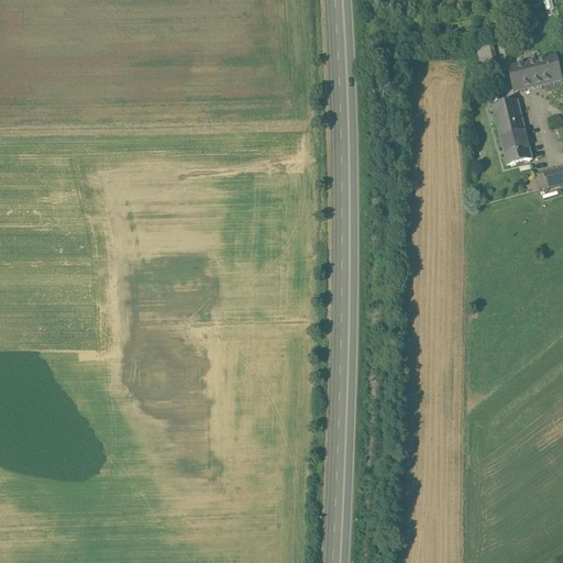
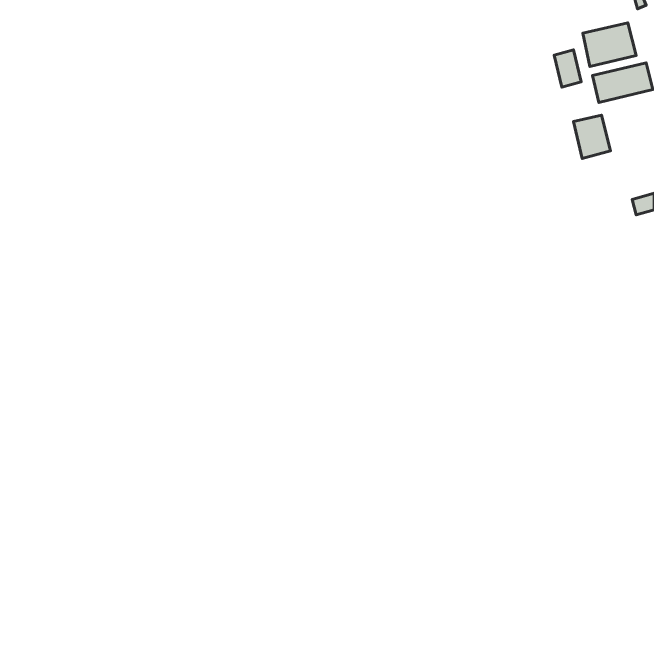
building: none -> [583,23,636,66]
building: [500,130,532,164] -> none

